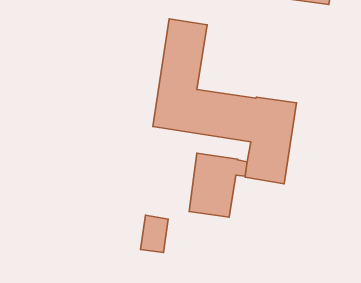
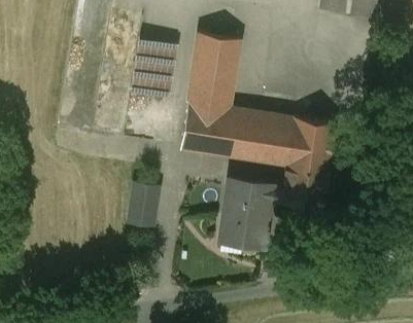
building: [141,215,168,252] -> [129,185,159,225]

